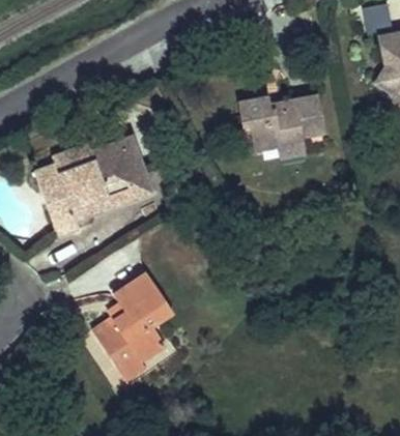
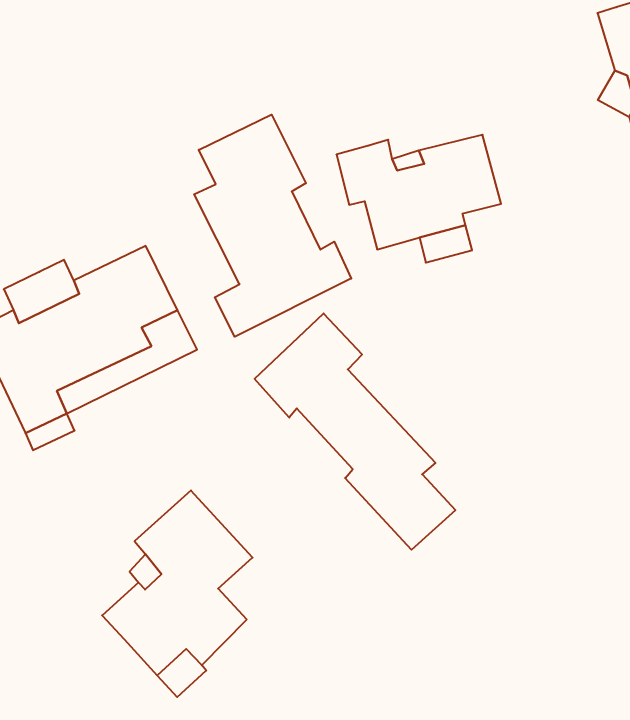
building: none -> [194,115,351,337]
building: none -> [255,313,455,550]

